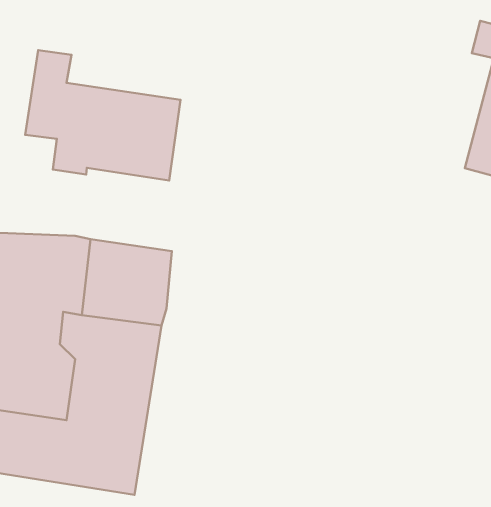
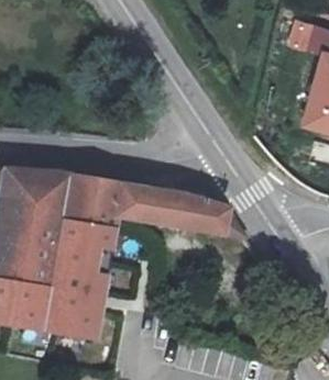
building: [25,50,181,181] -> none
building: none -> [113,179,242,233]

